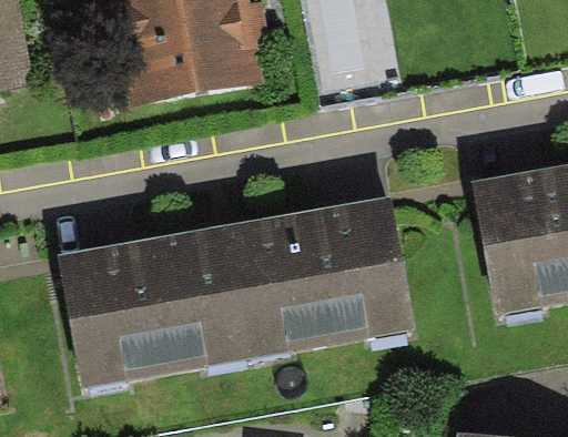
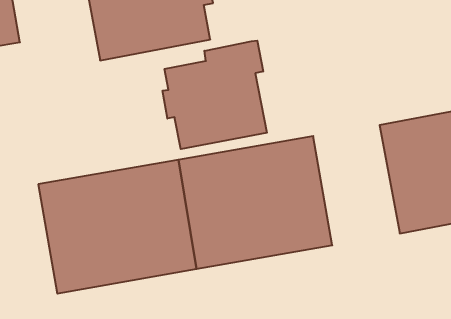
building: none -> [163,41,267,149]

